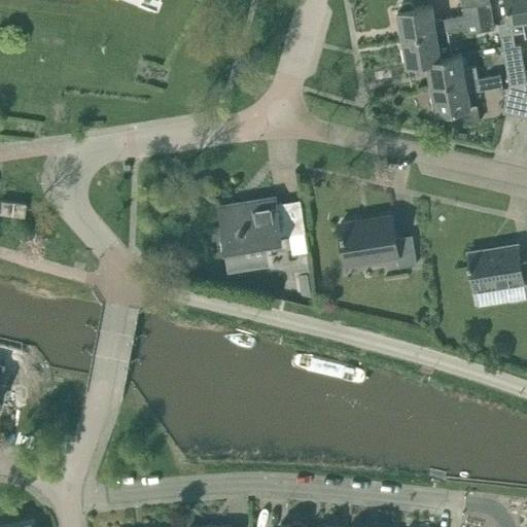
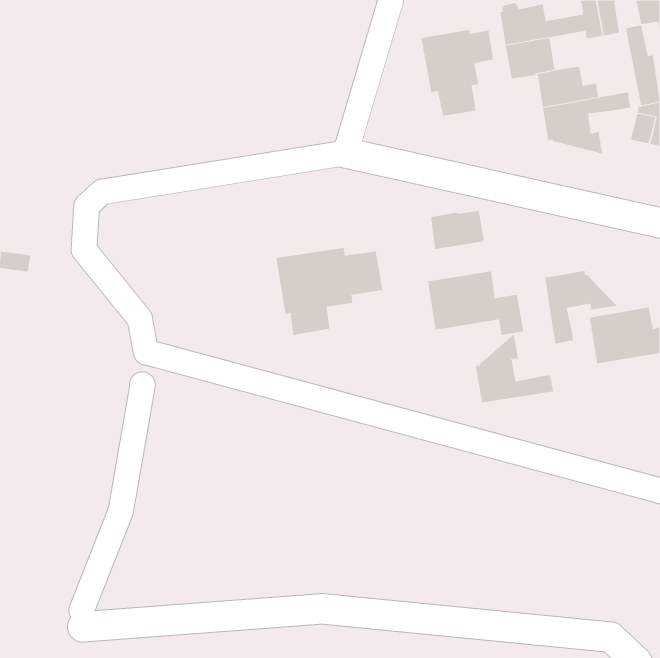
building: none -> [421,29,494,117]
building: none -> [430,210,484,250]
building: none -> [545,270,618,344]
building: none -> [475,333,554,403]

